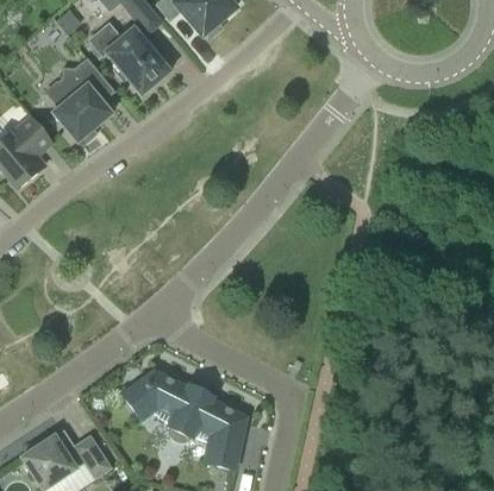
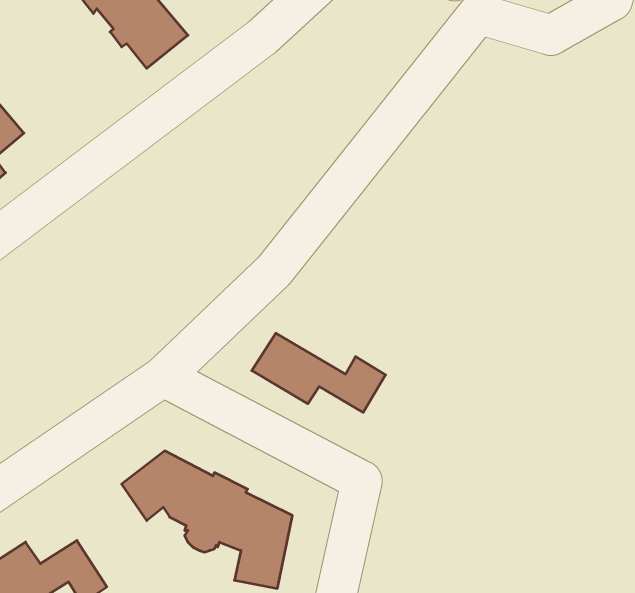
building: [44,55,123,141] -> none
building: none -> [252,333,386,412]

